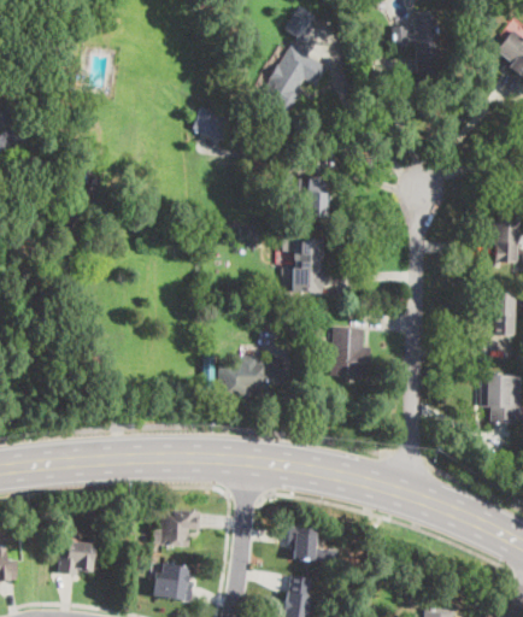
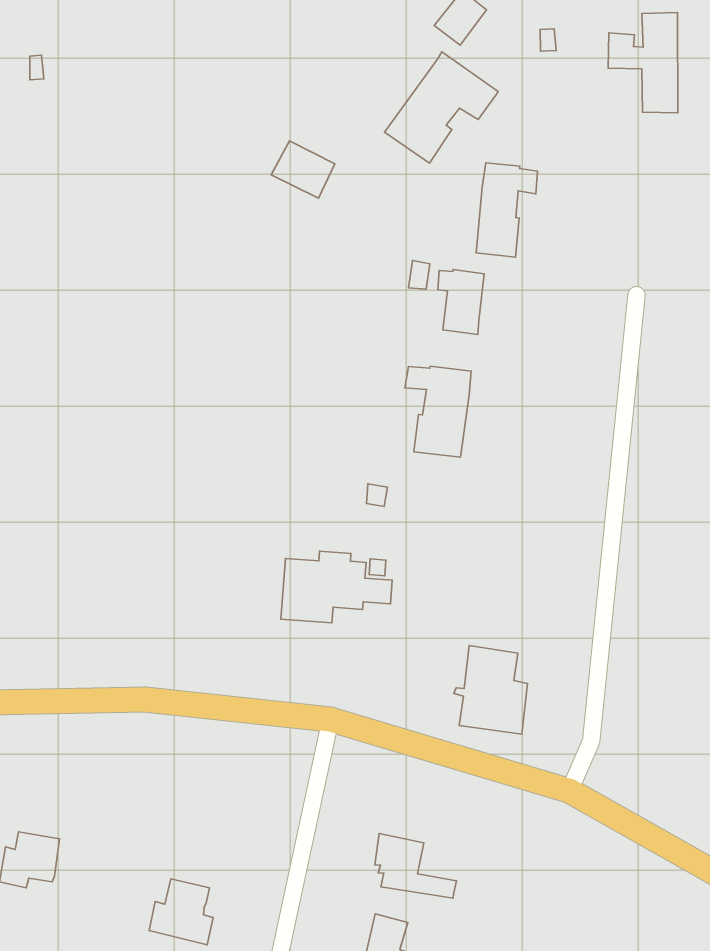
building: none -> [476,163,537,257]
building: [327,327,371,378] -> [454,646,528,734]
building: [160,509,201,546] -> none

